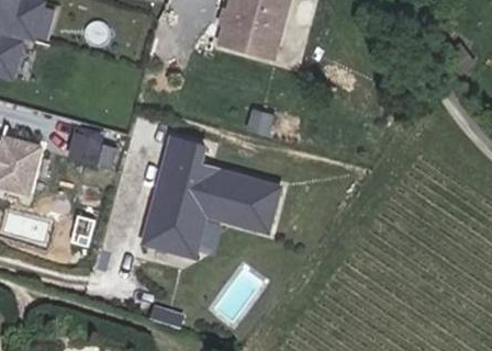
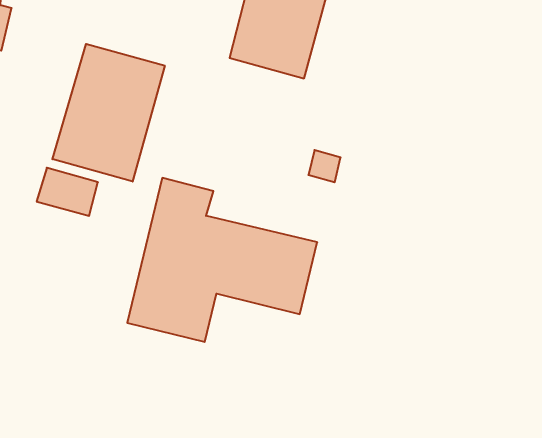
building: none -> [52,44,165,182]

